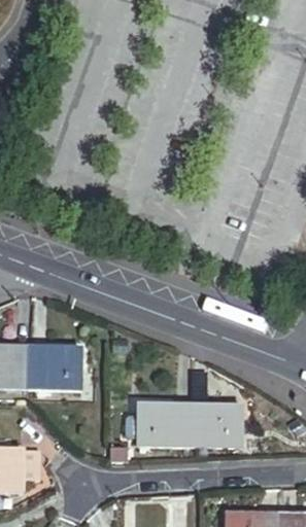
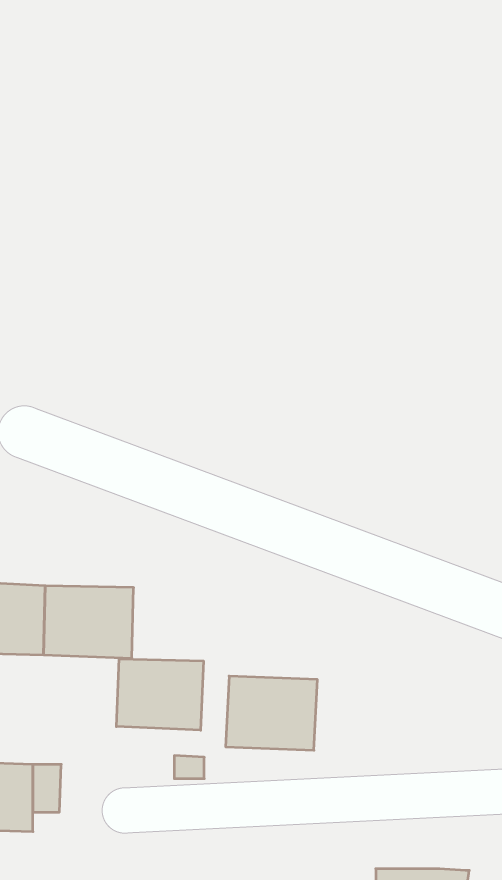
building: none -> [116,659,203,730]
building: [189,402,243,446] -> none

